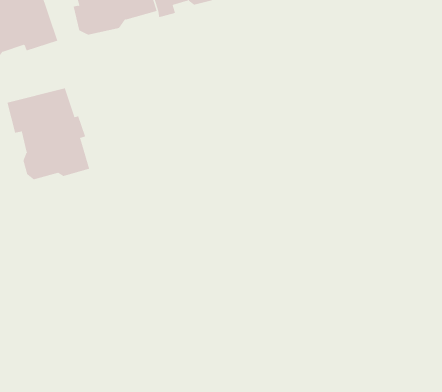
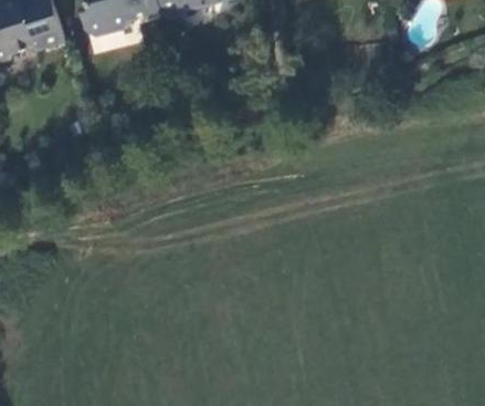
building: [7,87,90,180] -> none

